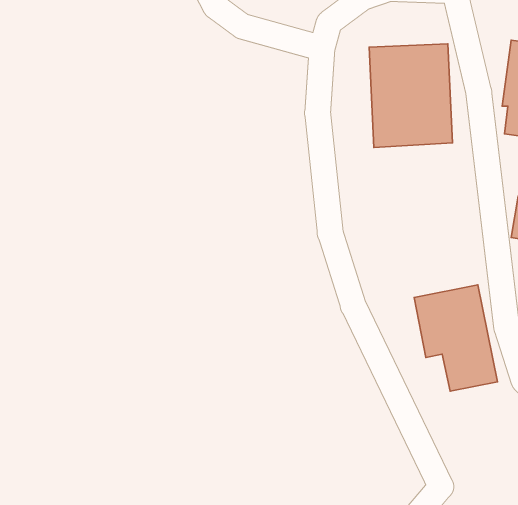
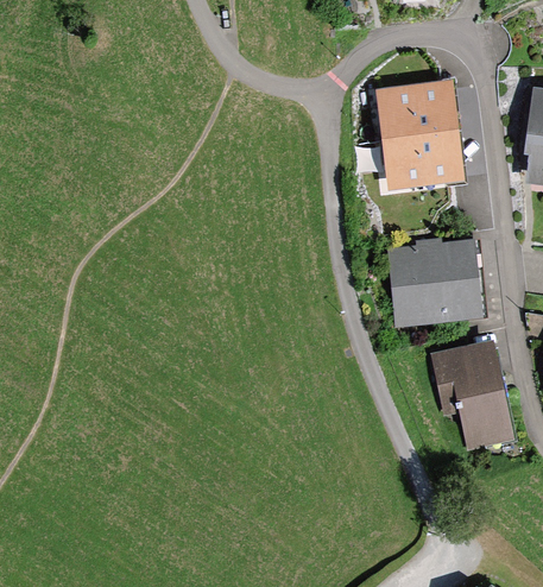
building: none -> [384,235,484,326]

